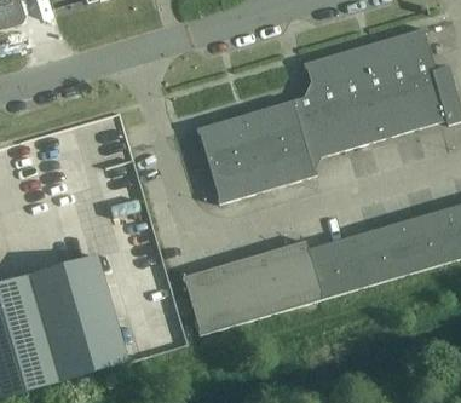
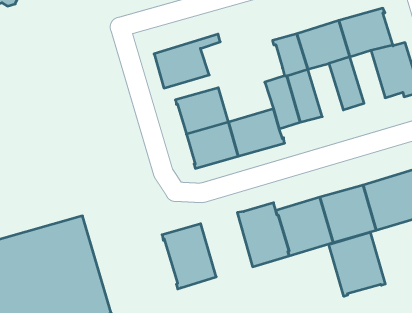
building: [388,74,427,132] -> none
building: [342,88,381,146] -> none
building: [244,93,317,152] -> [154,34,220,88]
building: [225,252,282,322] -> none
building: none -> [329,232,385,296]

